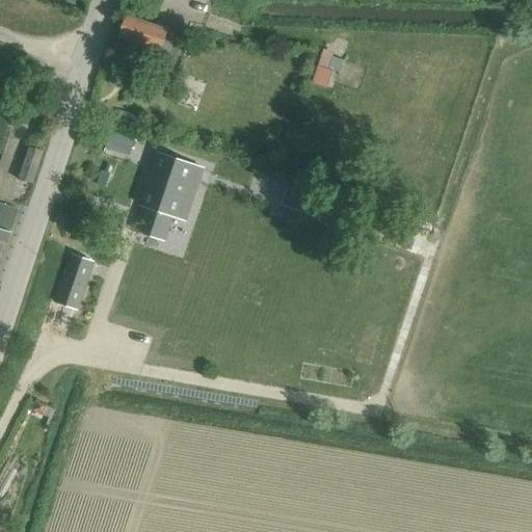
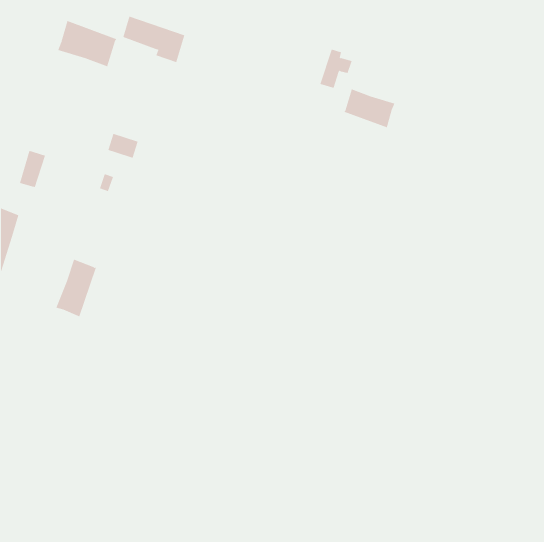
building: none -> [57,20,117,67]
building: none -> [344,89,395,128]
building: [137,151,194,241] -> none

